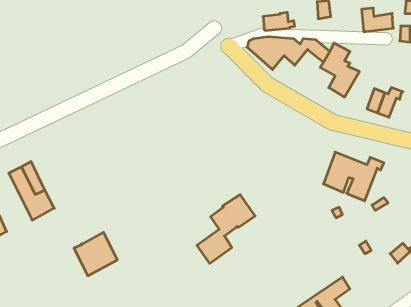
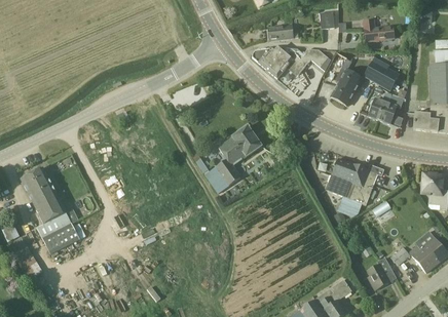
building: none -> [365,57,399,89]
building: [197,195,255,263] -> [207,125,263,192]
building: [74,232,117,276] -> [37,212,79,254]
building: none -> [368,256,398,290]

